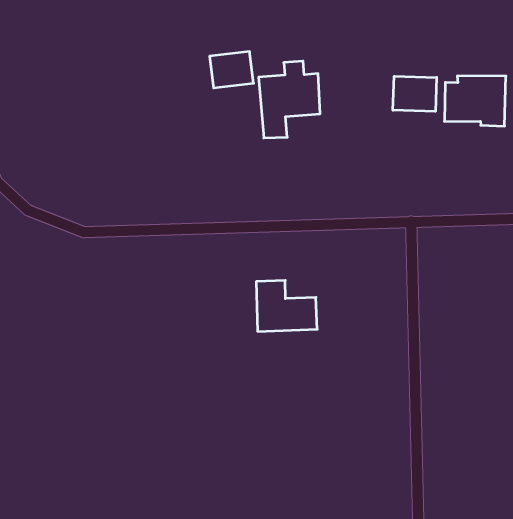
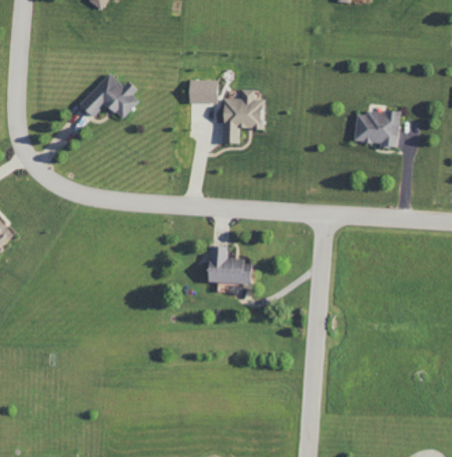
building: none -> [80,73,141,120]
building: [393,76,437,111] -> none

